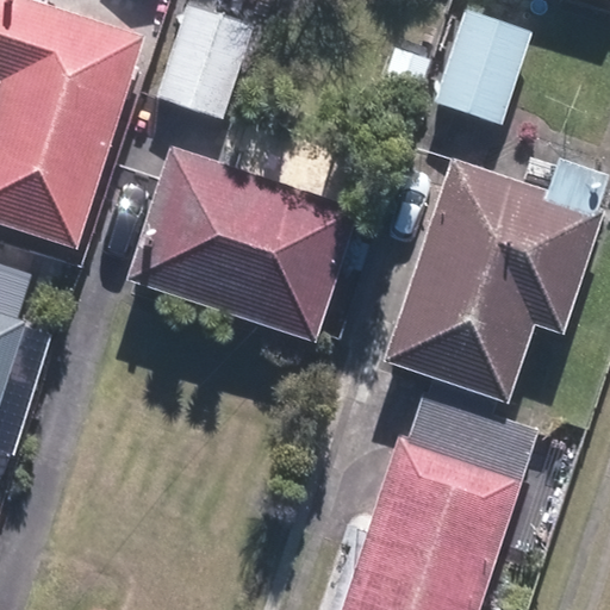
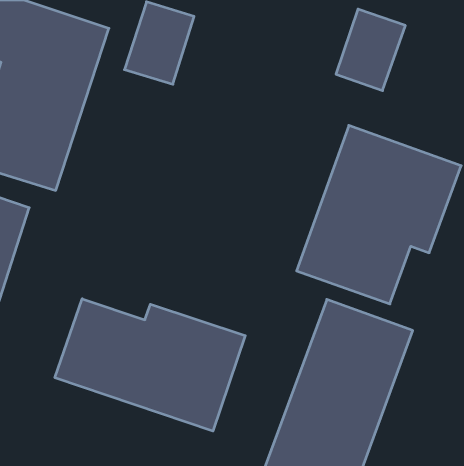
building: [129,149,360,343] -> none
building: none -> [55,299,245,431]

